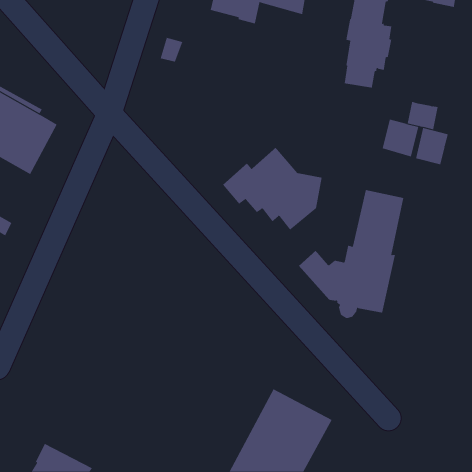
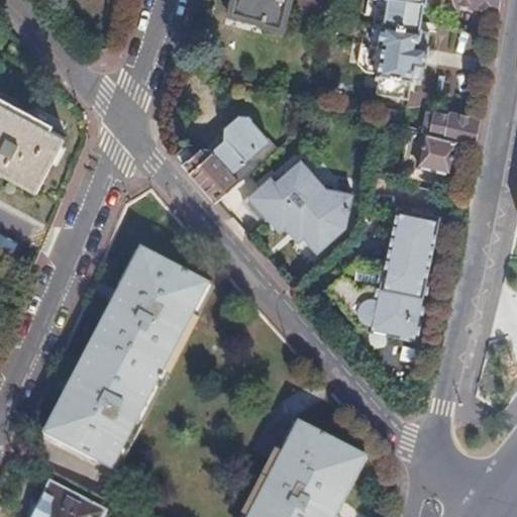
building: none -> [172,112,275,200]
building: [416,127,448,165] -> none
building: none -> [47,251,207,469]

